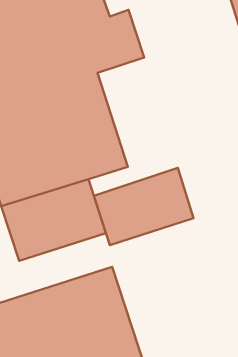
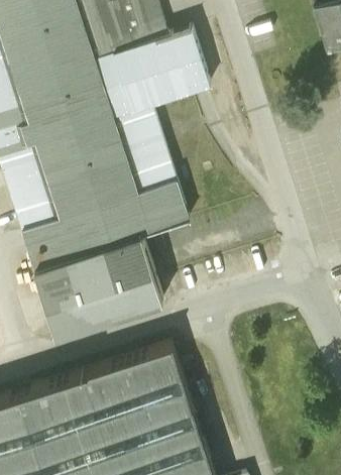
building: [94,168,194,245] -> none

